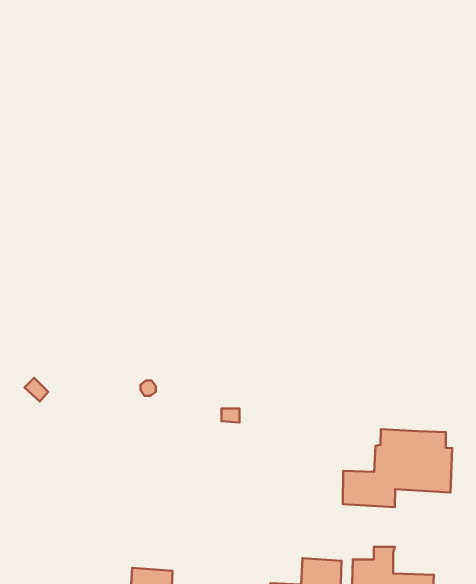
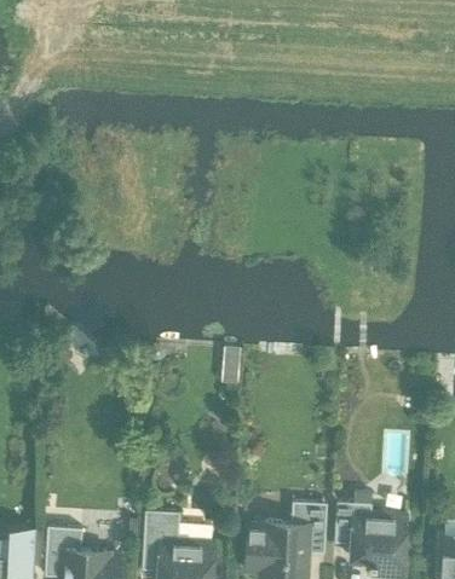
building: [343,429,452,507] -> none

